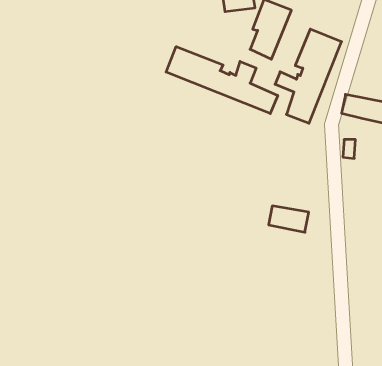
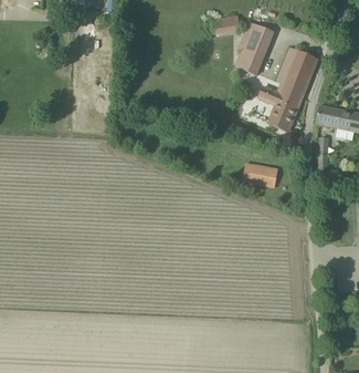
building: [166,47,278,114] -> none
building: [269,206,309,232] -> [242,163,277,186]

